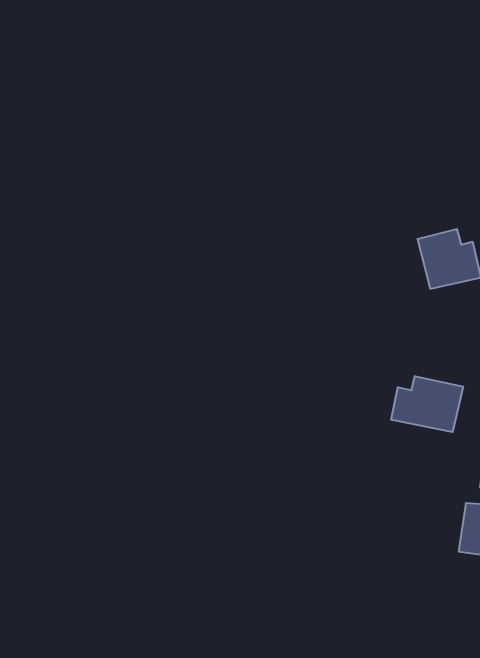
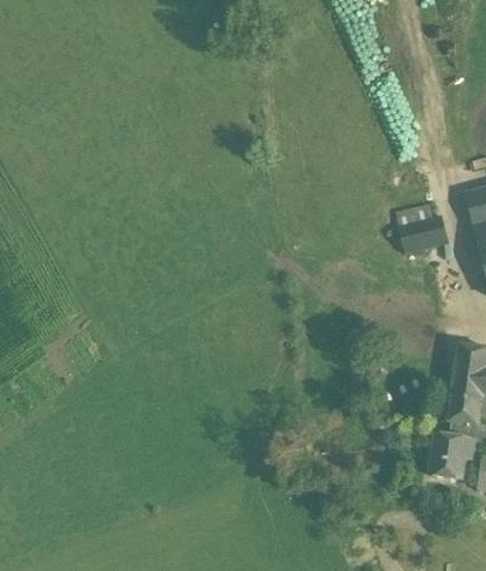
building: [391,376,463,432] -> none

